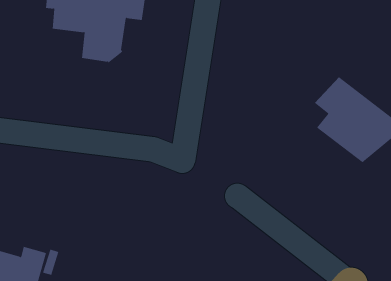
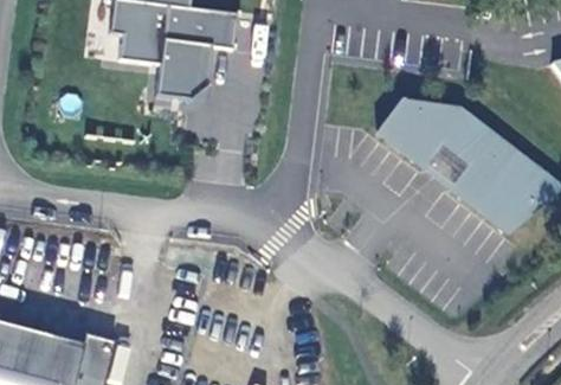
building: none -> [375,98,478,163]

